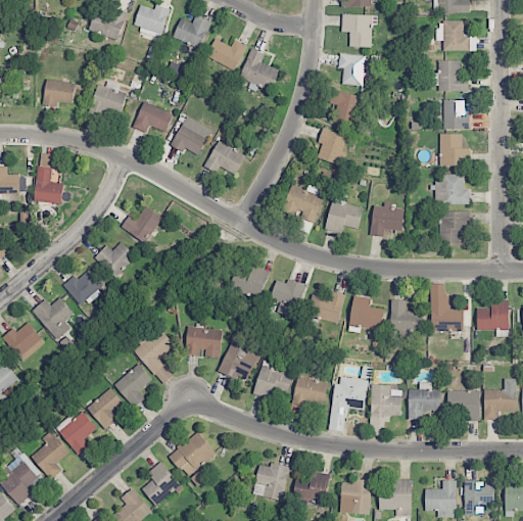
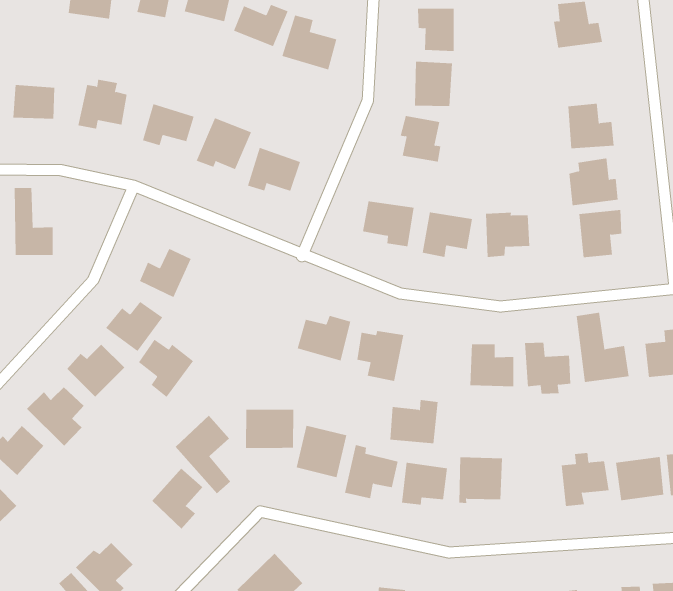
building: [444,100,470,130] -> none
building: none -> [138,339,194,398]
building: [306,291,344,324] -> [389,400,439,444]
building: [371,384,401,419] -> none
building: [87,387,126,430] -> none

